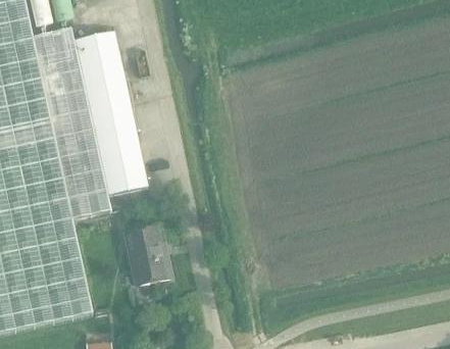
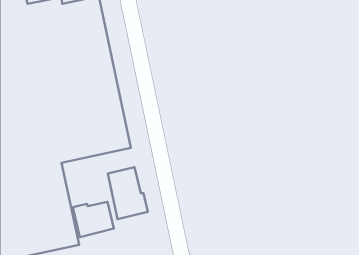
building: none -> [73,202,114,237]

